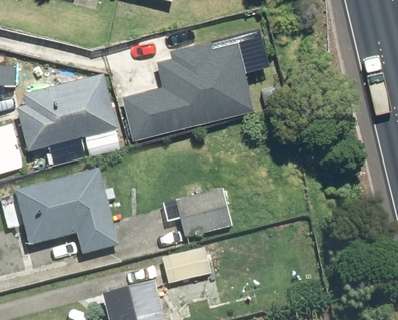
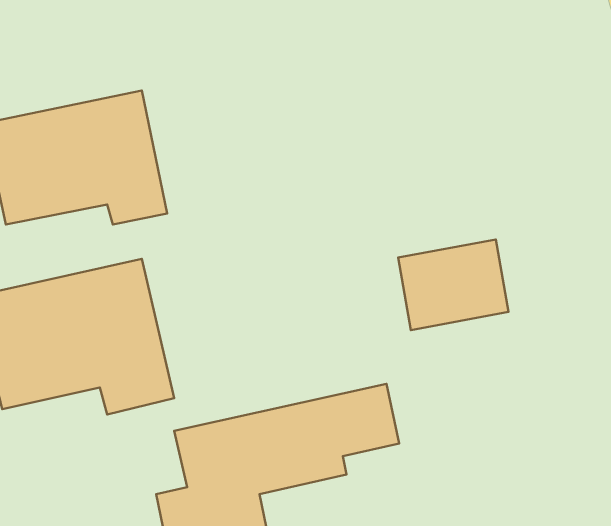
building: [123,38,252,136] -> none
building: [173,193,235,243] -> [398,240,509,330]

